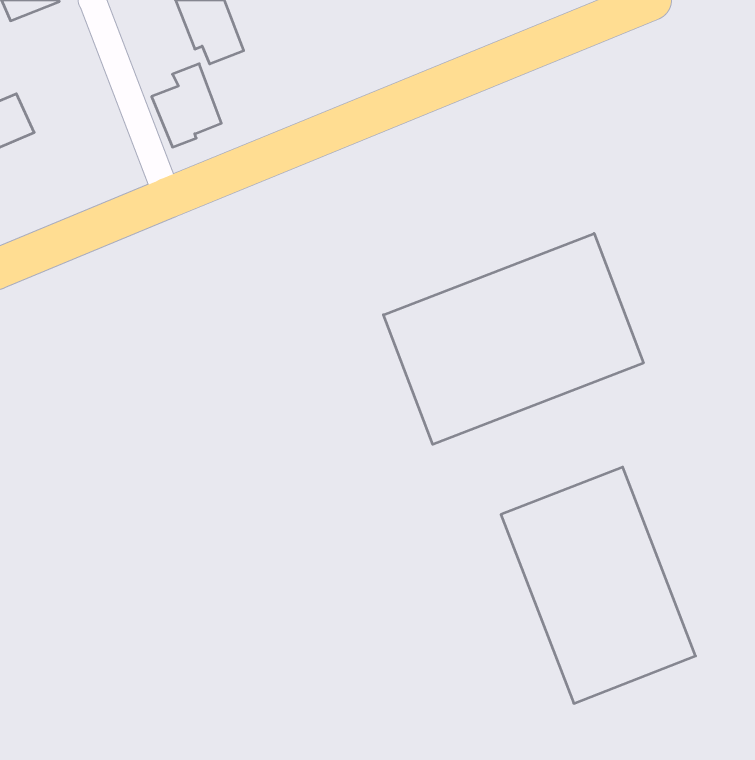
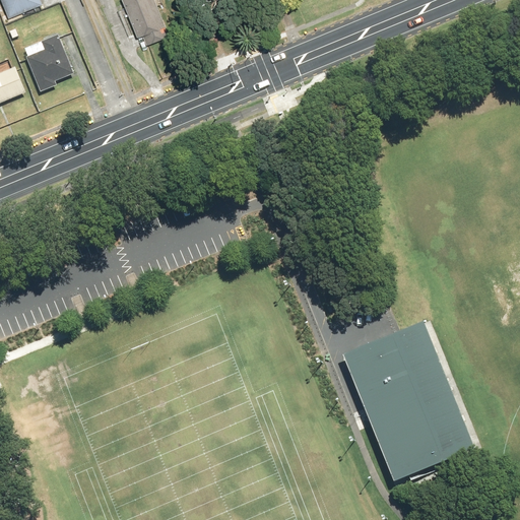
building: [152,64,221,147] -> [24,31,72,88]
building: [383,233,643,444] -> none

